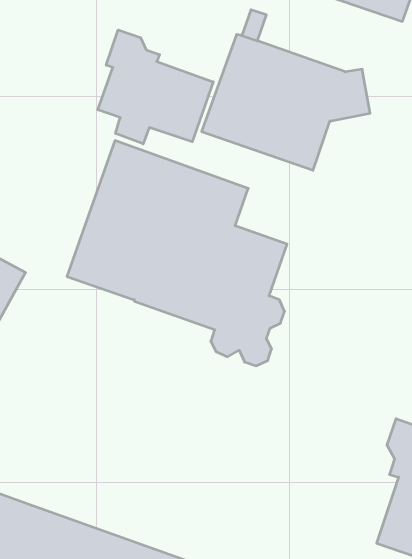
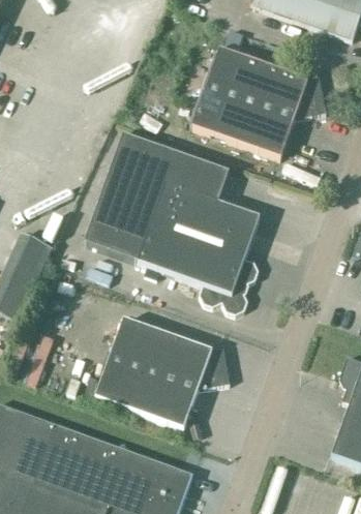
building: [98,30,213,144] -> none
building: none -> [95,318,230,427]

